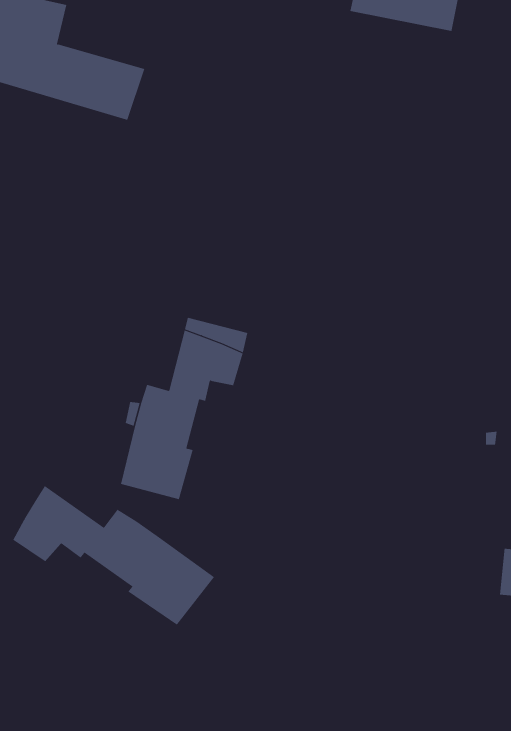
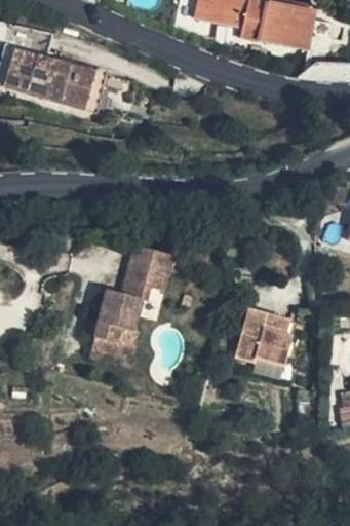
building: none -> [238,309,294,363]
building: [13,485,215,625] -> none

